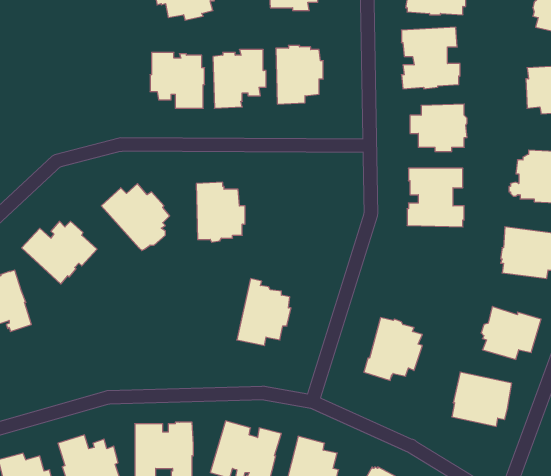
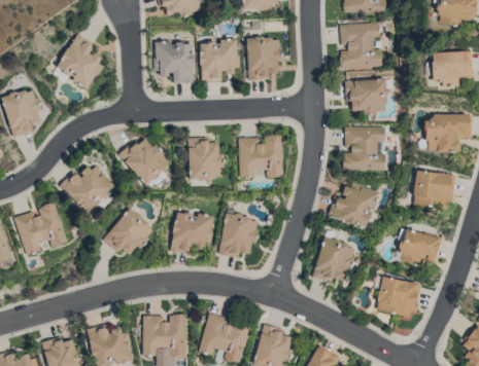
building: none -> [57,33,104,89]
building: none -> [239,134,283,178]
building: none -> [329,181,380,226]
building: none -> [103,208,153,255]
building: none -> [170,212,214,254]

